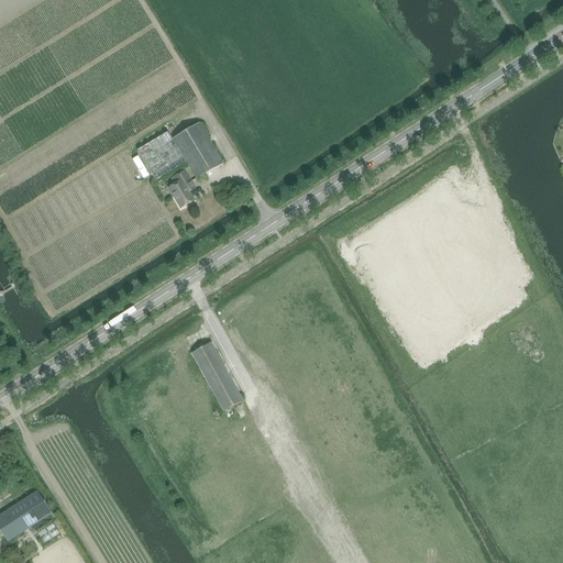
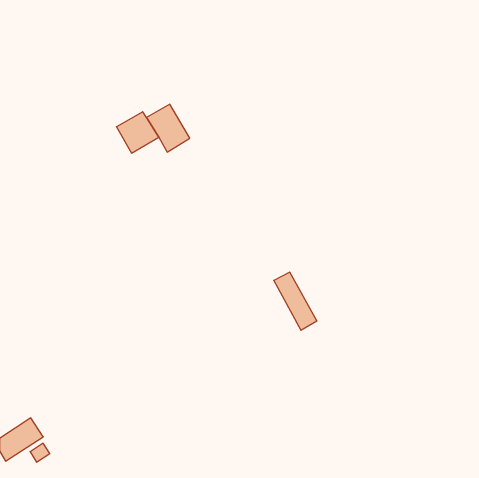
building: [168,169,192,207] -> none
building: [191,342,242,410] -> [274,272,317,330]

